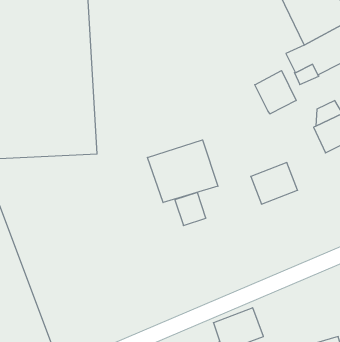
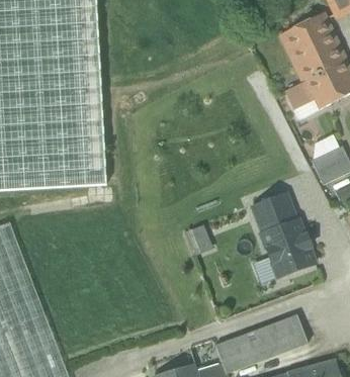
building: [255,71,296,114] -> none
building: [147,140,218,203] -> none
building: none -> [259,218,314,277]
building: none -> [253,318,293,358]

